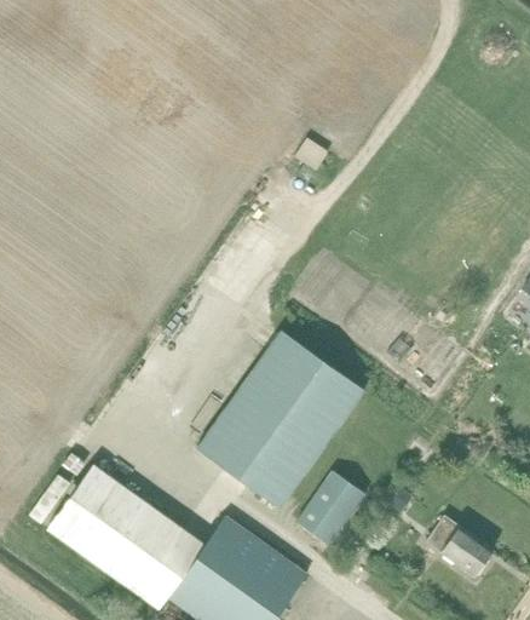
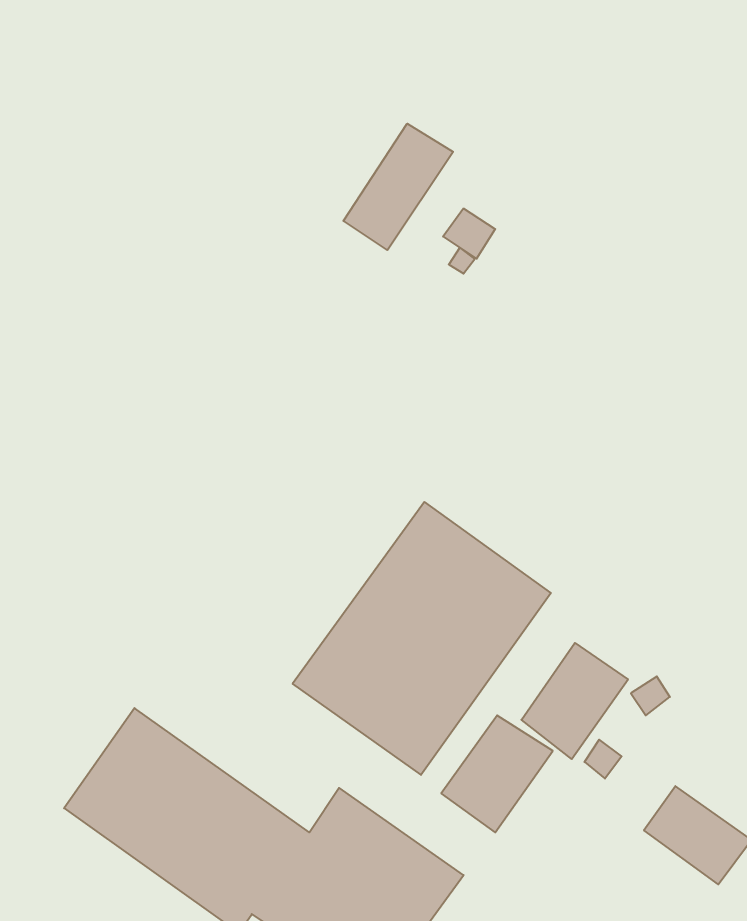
building: none -> [343,124,453,250]
building: none -> [521,643,628,759]

